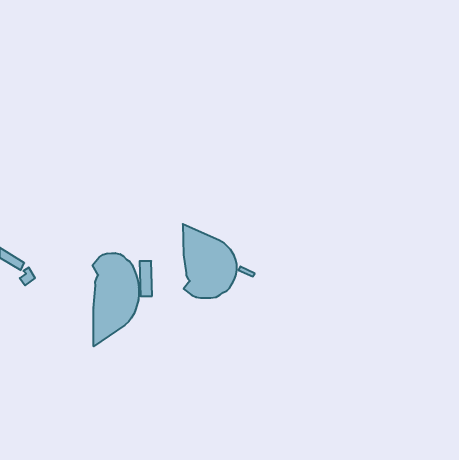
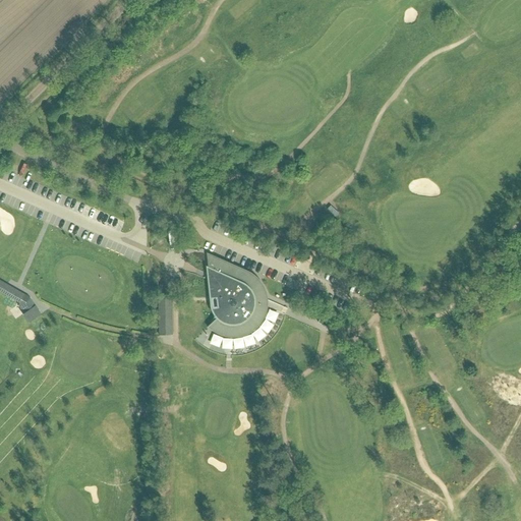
building: [93,253,139,346] -> none

